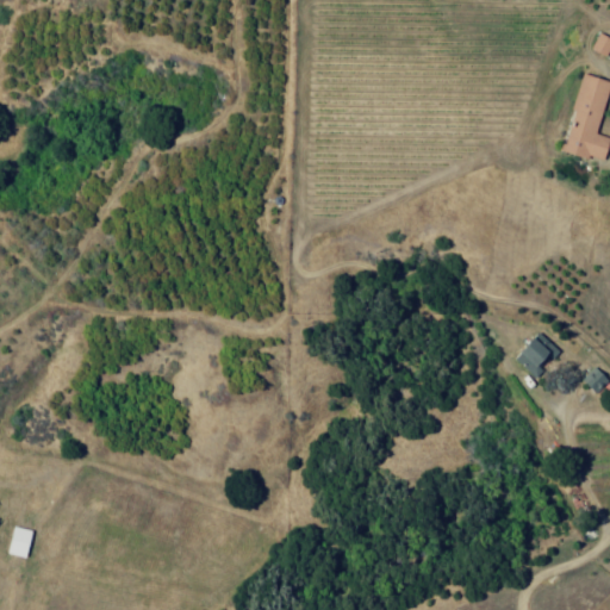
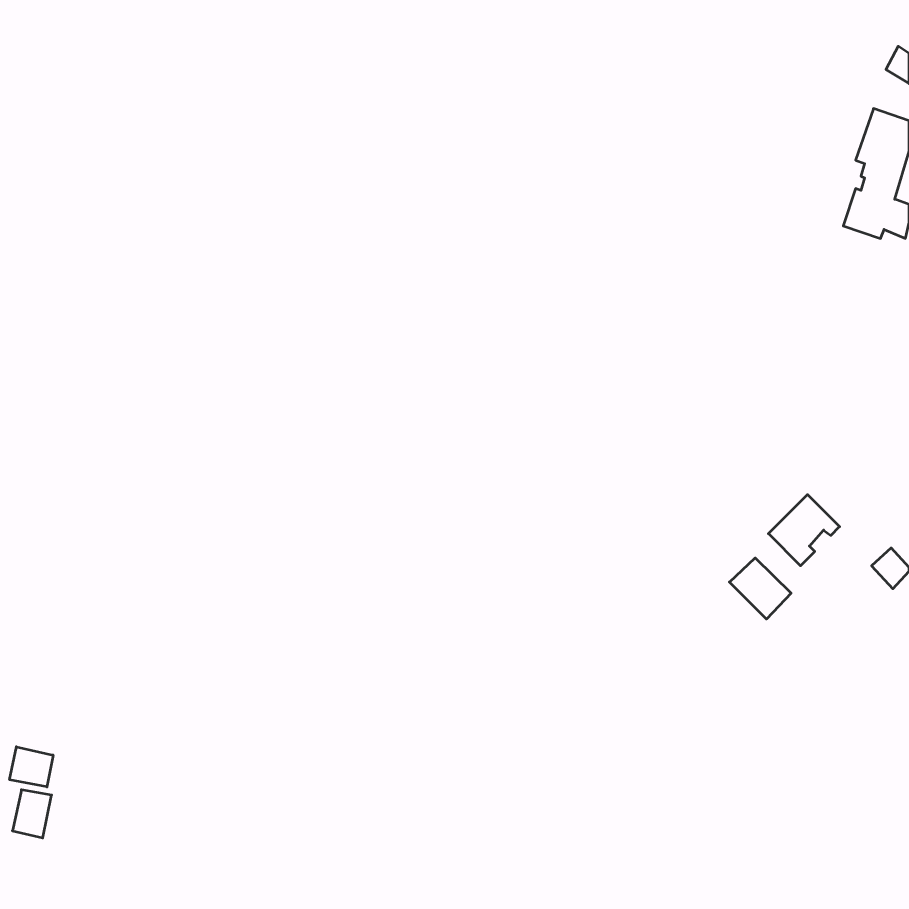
building: none -> [729,558,791,619]
building: none -> [10,747,53,787]

